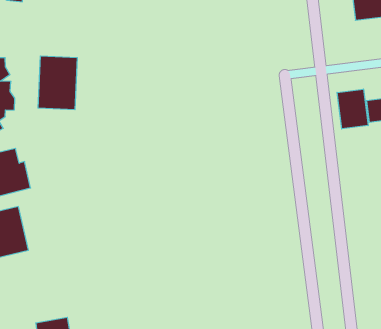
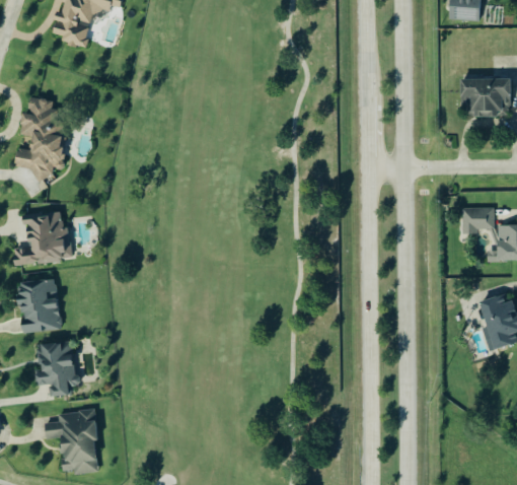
building: [38,56,77,110] -> none
building: [337,89,368,129] -> none
building: none -> [36,340,77,396]

